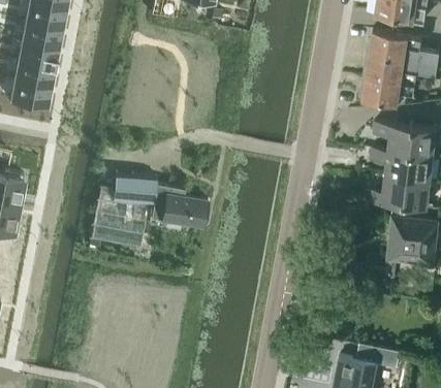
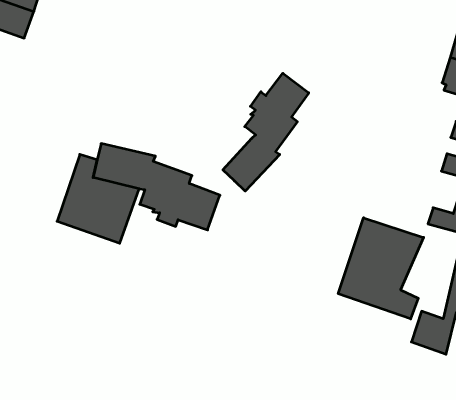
building: none -> [223,73,309,191]
building: none -> [338,218,424,319]

